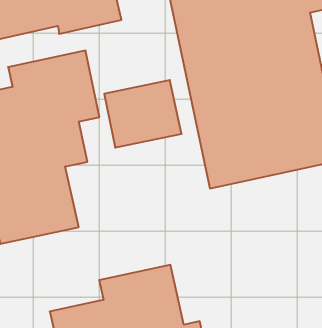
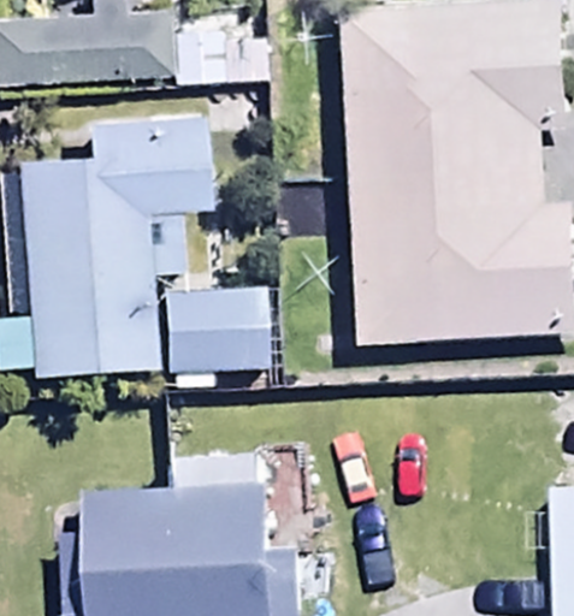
building: [104,80,182,148] -> [166,289,270,374]

